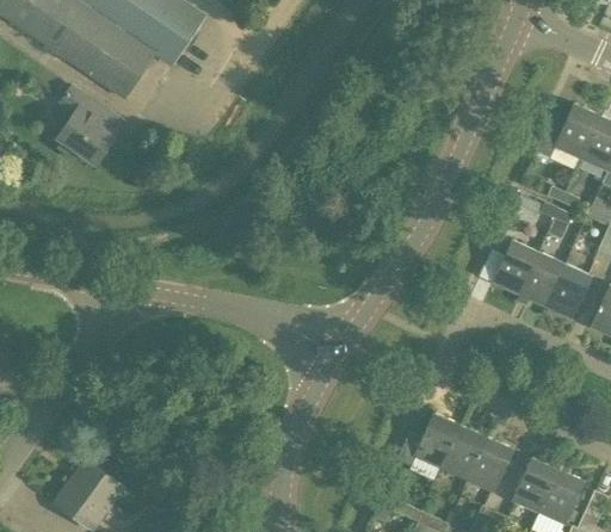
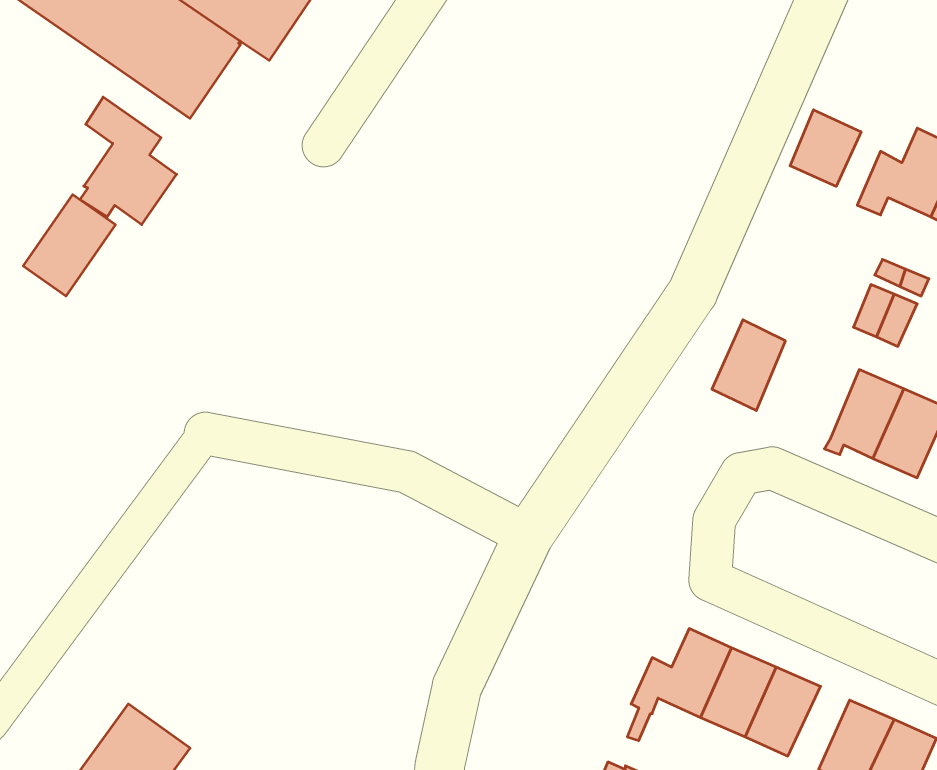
building: none -> [790,110,861,186]
building: none -> [23,195,115,296]
building: [492,240,537,296] -> [712,320,785,411]

